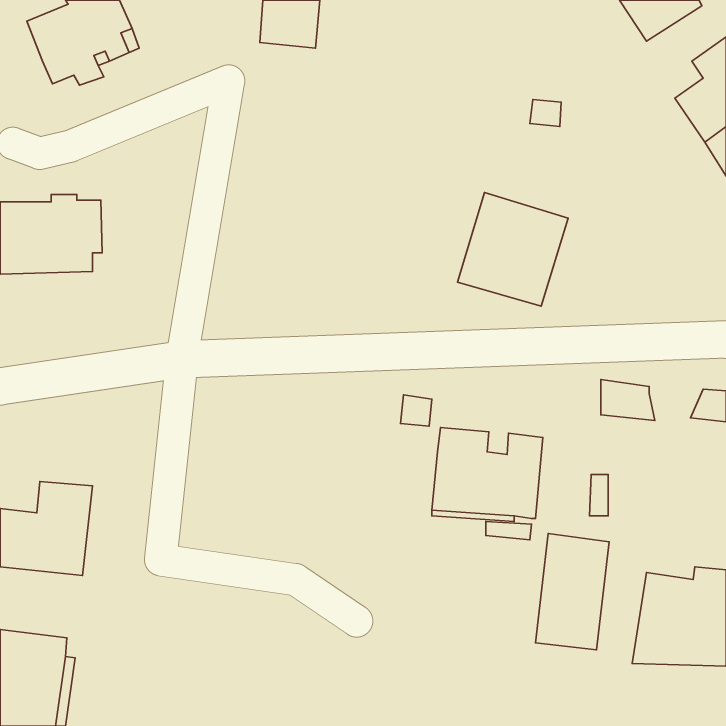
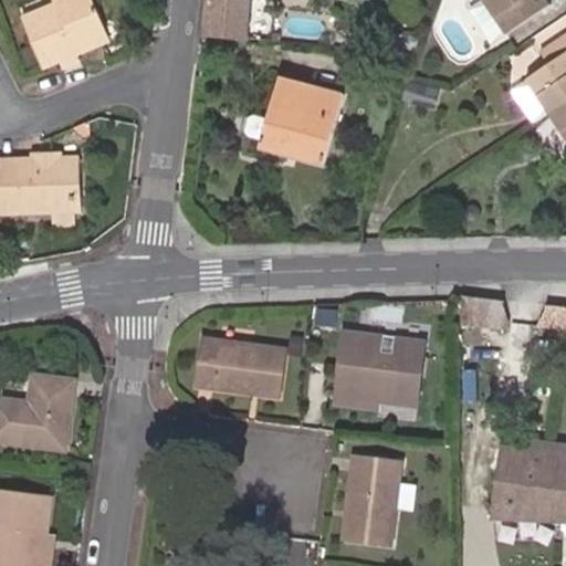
building: [457,193,568,306] -> [259,77,345,166]
building: none -> [198,340,284,396]
building: [535,533,609,650] -> [343,452,400,543]

